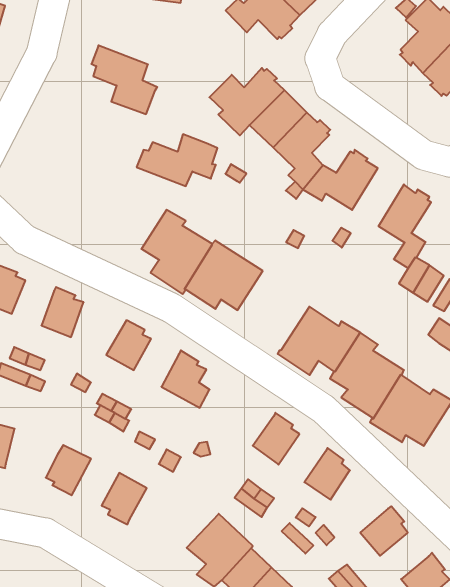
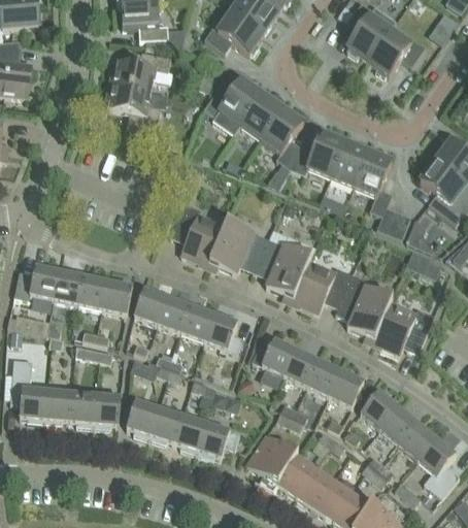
building: [137,134,217,186] -> [109,51,171,91]
building: none -> [330,141,367,187]
building: none -> [254,237,311,297]
building: none -> [77,274,108,309]
building: none -> [134,289,168,324]
building: none -> [180,305,214,341]
building: none -> [252,339,297,375]
building: none -> [93,394,121,428]
building: none -> [306,360,342,397]
building: none -> [148,407,182,443]
building: none -> [360,391,400,429]
building: none -> [196,423,239,459]
building: none -> [398,423,438,460]

